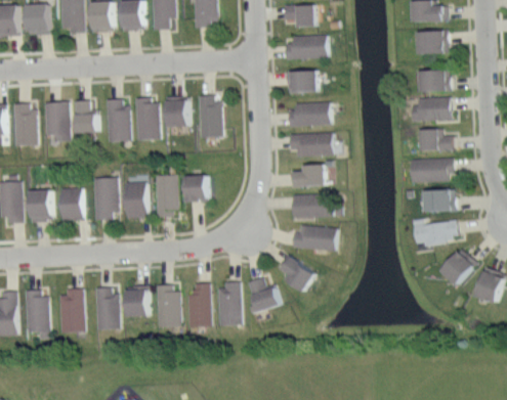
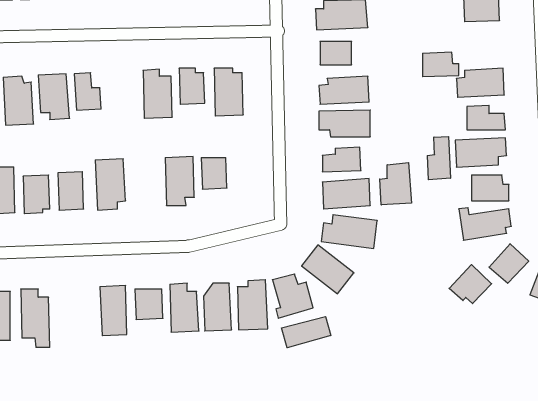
building: [419,70,451,91] -> [423,52,459,77]
building: [105,98,128,140] -> none
building: none -> [427,137,450,180]
building: none -> [380,163,411,205]
building: [124,180,146,218] -> none
building: none -> [449,265,492,304]
building: [60,288,86,332] -> none
building: none -> [282,317,331,348]

